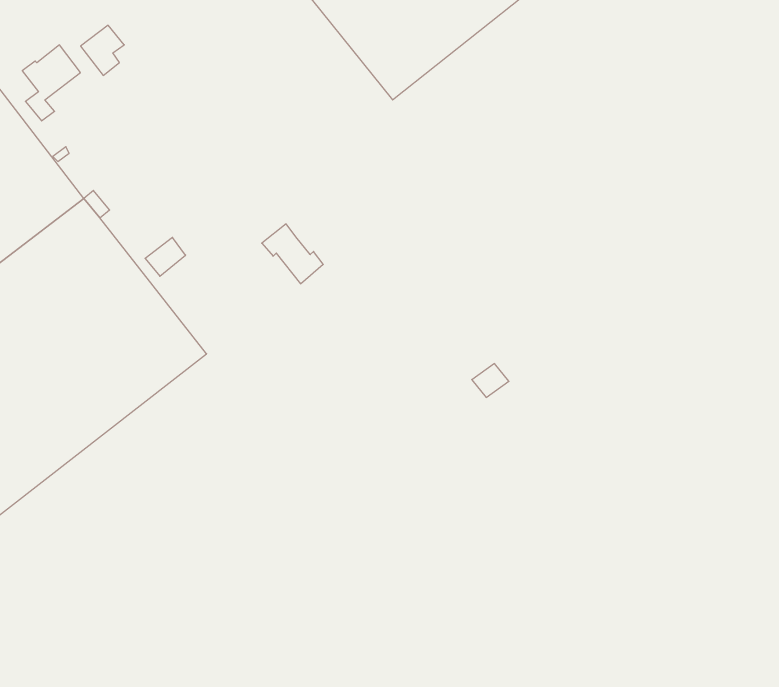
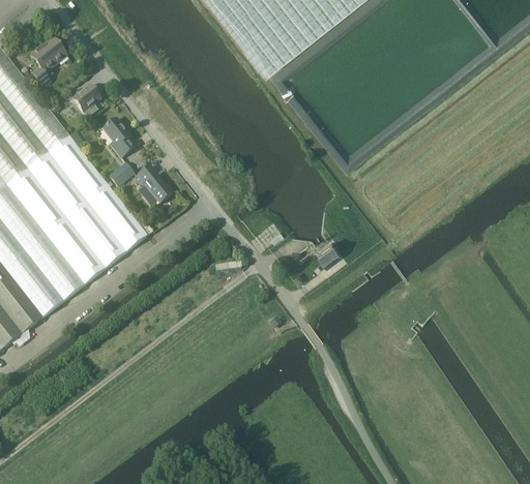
building: [81,25,124,75] -> [72,85,100,117]
building: none -> [101,118,132,156]
building: [262,224,323,284] -> [134,164,173,203]

